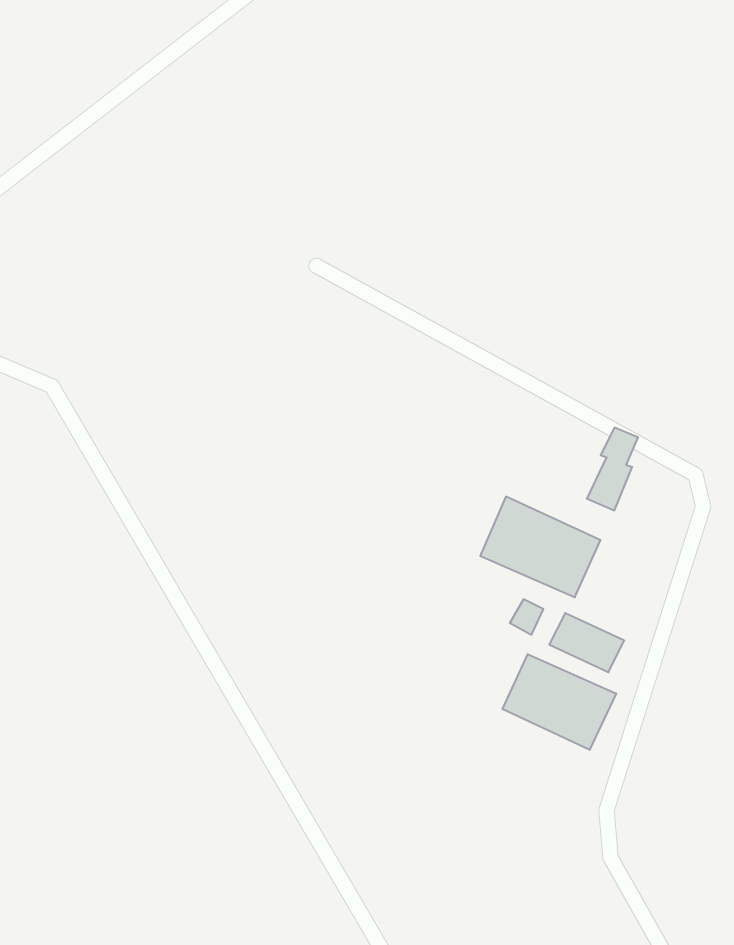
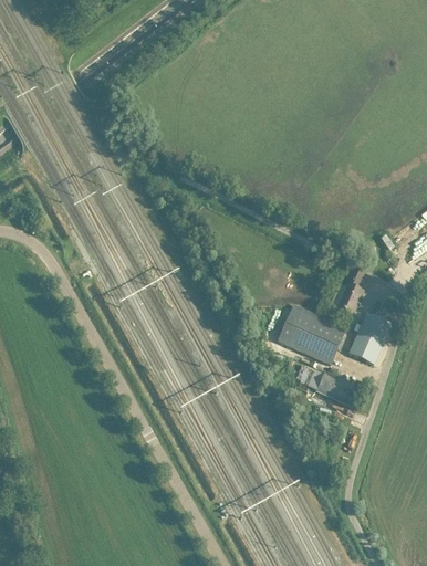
building: none -> [347,314,389,365]
building: [503,654,616,750] -> none

